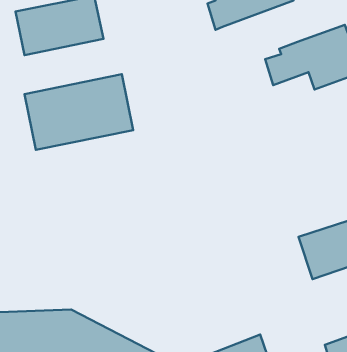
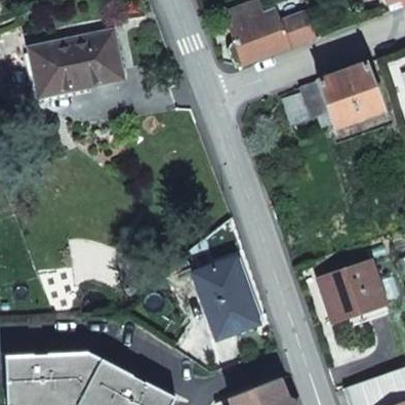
building: [25,74,133,150] -> none
building: none -> [193,259,257,338]

